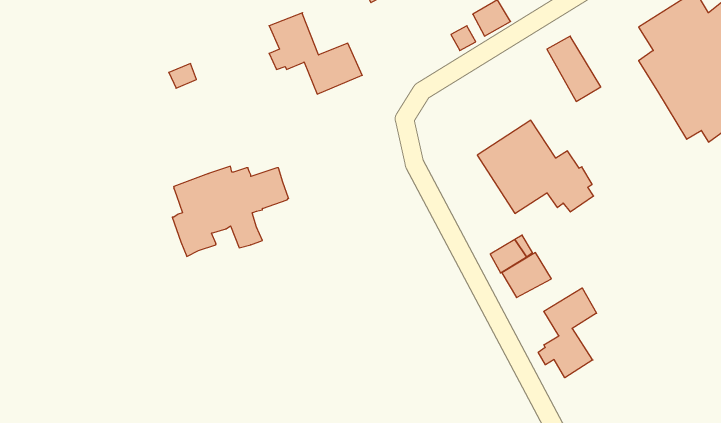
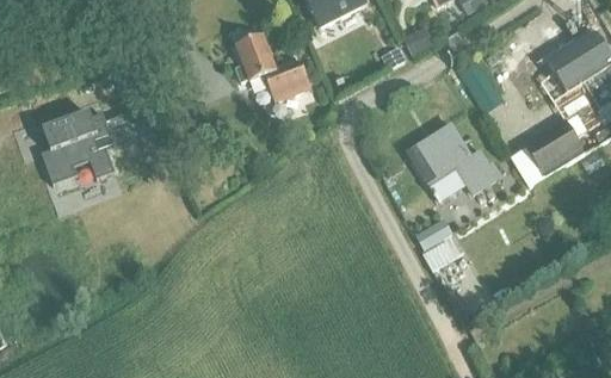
building: none -> [511,119,580,178]
building: [172,166,289,256] -> [41,111,136,185]
building: [538,288,597,378] -> none

